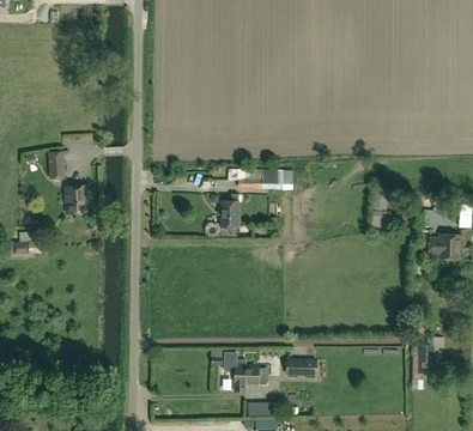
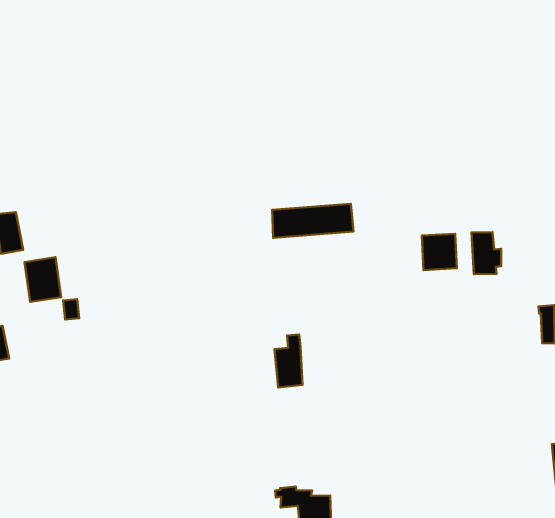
building: [220,193,238,227] -> [274,334,302,387]
building: none -> [422,234,457,270]
building: [284,357,316,375] -> none

